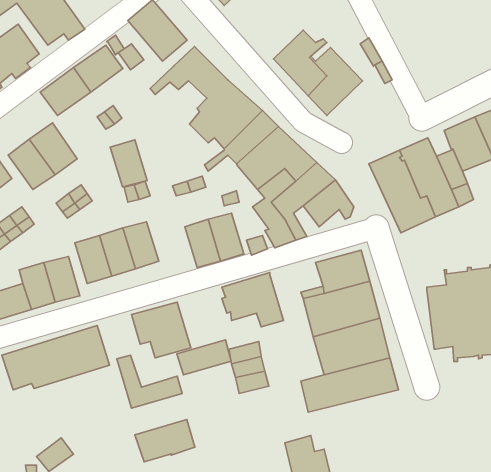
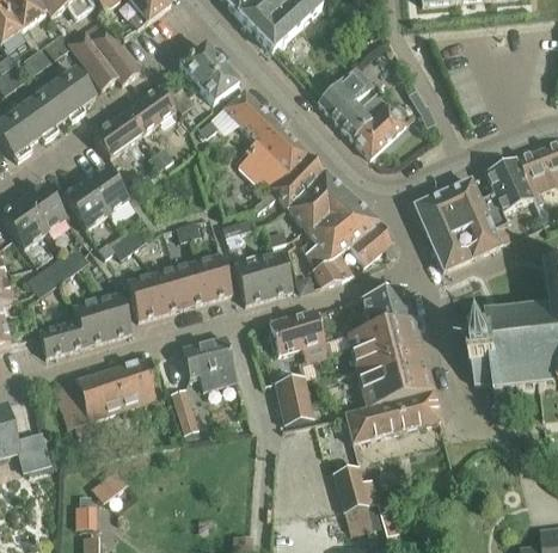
building: [110,140,147,187] -> [196,252,232,297]
building: [177,340,231,375] -> none
building: [135,420,195,462] -> none

